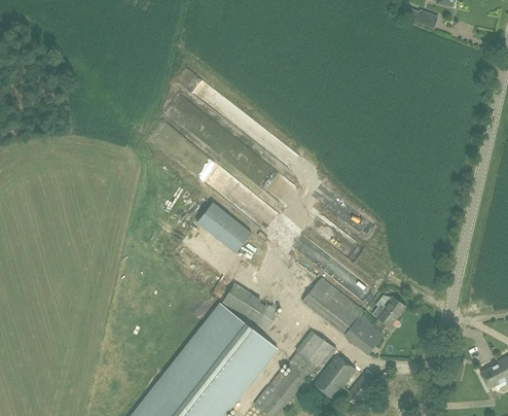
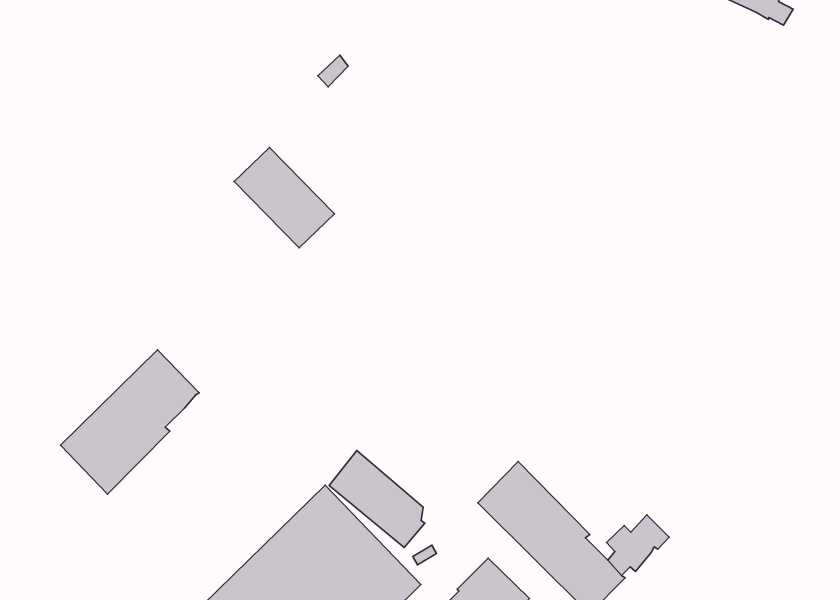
building: [196,202,252,253] -> [234,147,335,248]
building: none -> [60,350,199,494]

